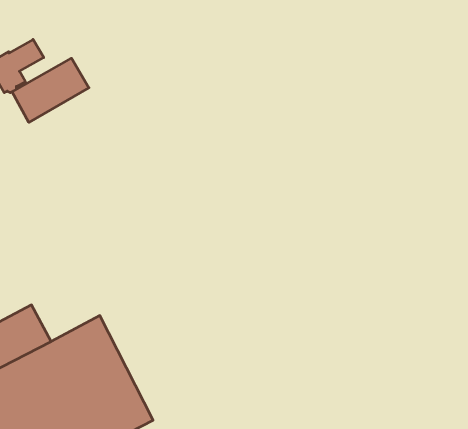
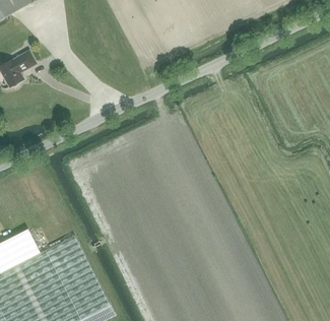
building: [12,58,89,122] -> none

